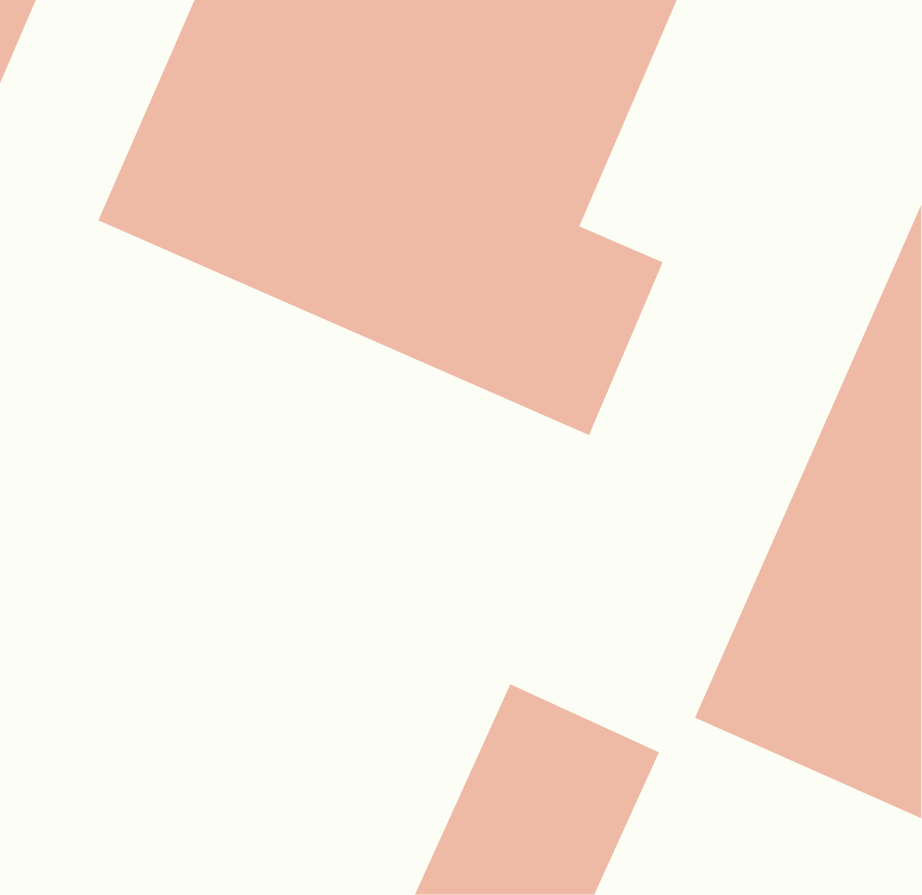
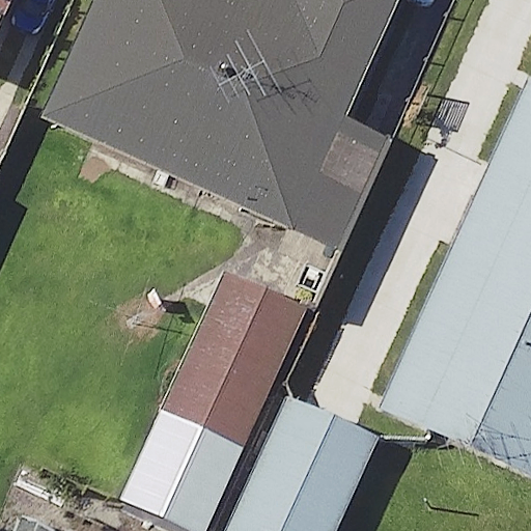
building: none -> [131,276,303,509]

